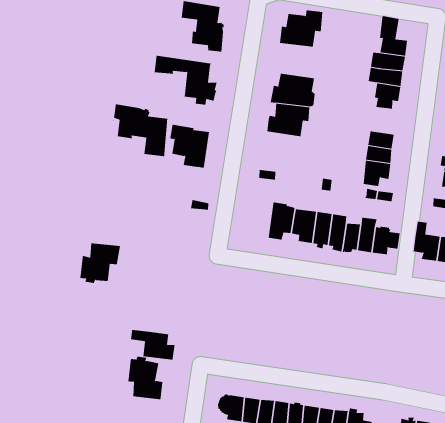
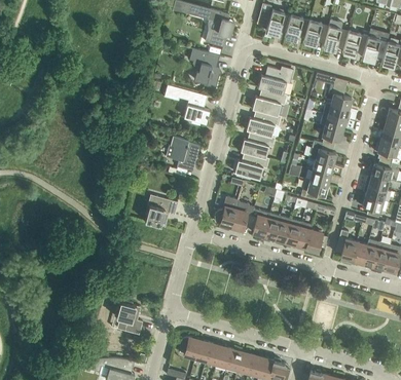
building: none -> [252,88,287,117]
building: [113,104,168,157] -> none
building: none -> [308,141,336,165]
building: none -> [234,151,269,181]
building: none -> [214,197,239,228]
building: [80,243,121,283] -> [145,197,178,227]
building: [130,329,175,360] -> none

